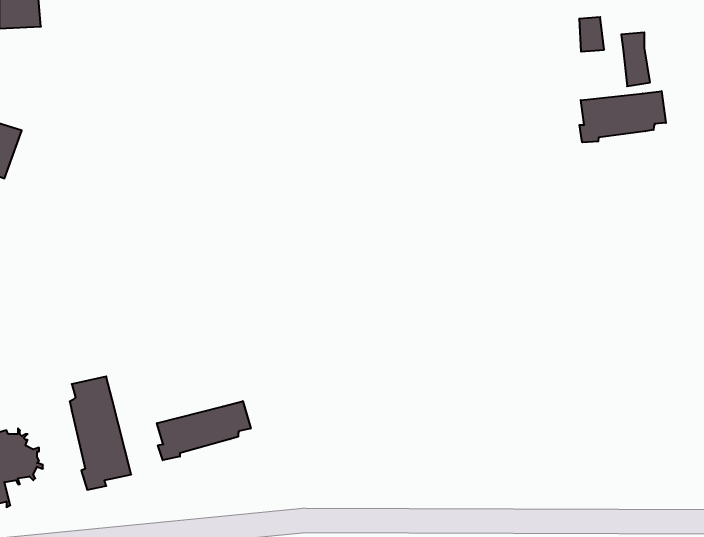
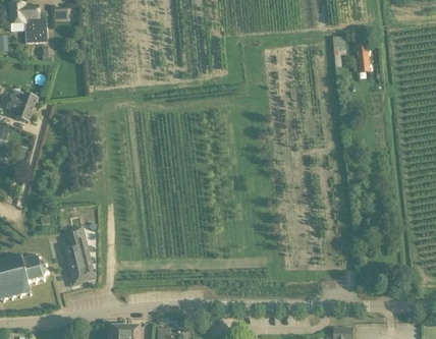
building: [579,91,666,142] -> none
building: [157,401,251,460] -> none

